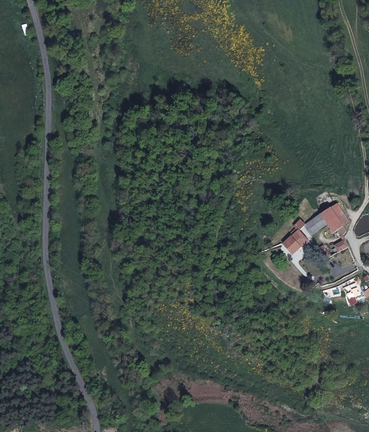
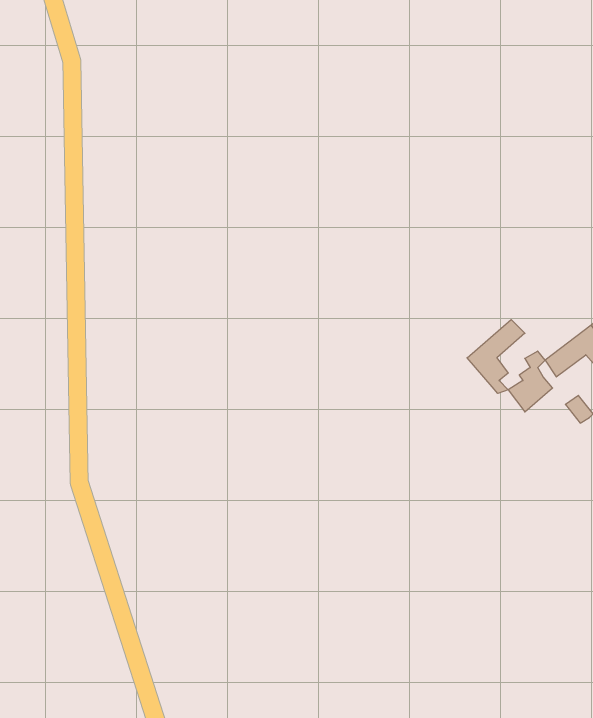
building: none -> [467,320,525,393]

